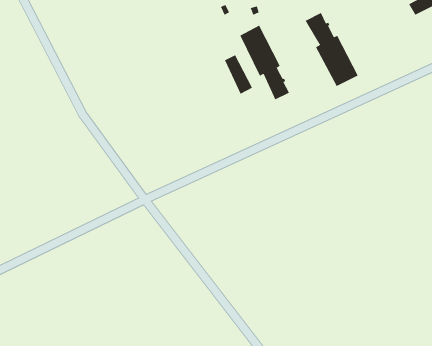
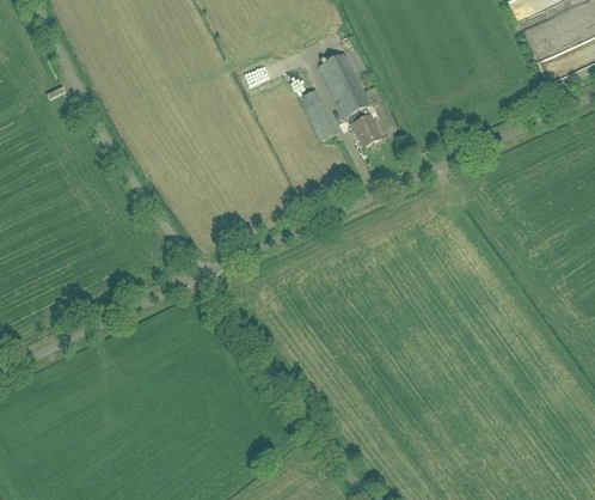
building: [305,12,358,87] -> none

